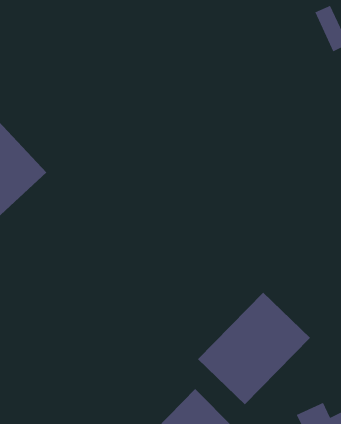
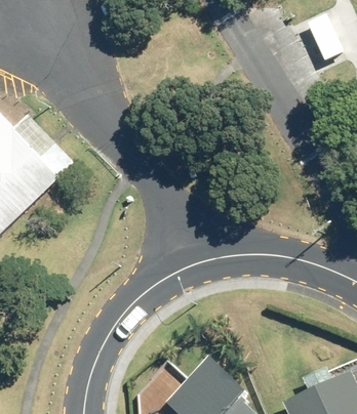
building: [197,292,311,405] -> none

